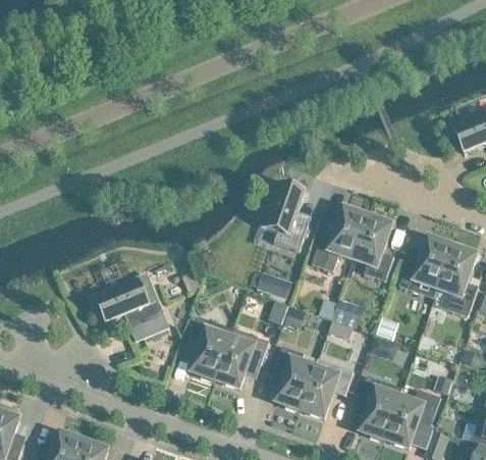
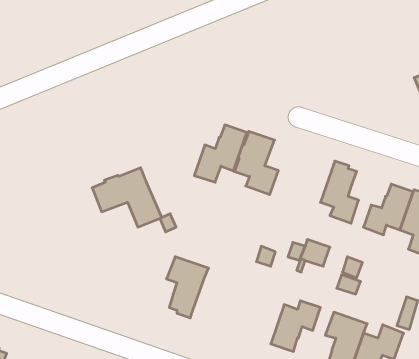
building: [312,210,368,271] -> [194,125,247,182]
building: [257,272,292,299] -> none
building: [96,275,170,339] -> [92,168,162,227]
building: [216,335,269,389] -> none
building: [274,347,315,412] -> none

